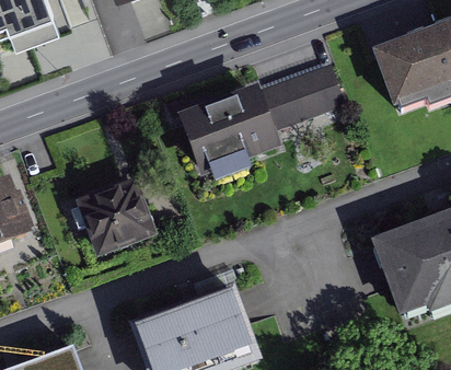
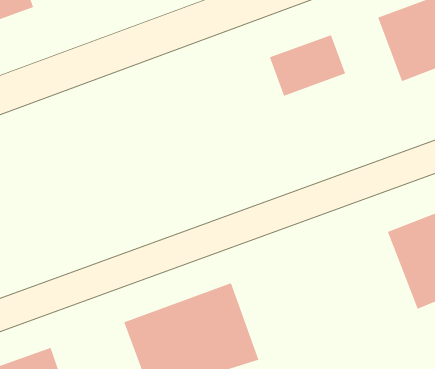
building: [186,83,292,173] -> none
building: [80,189,151,257] -> none

